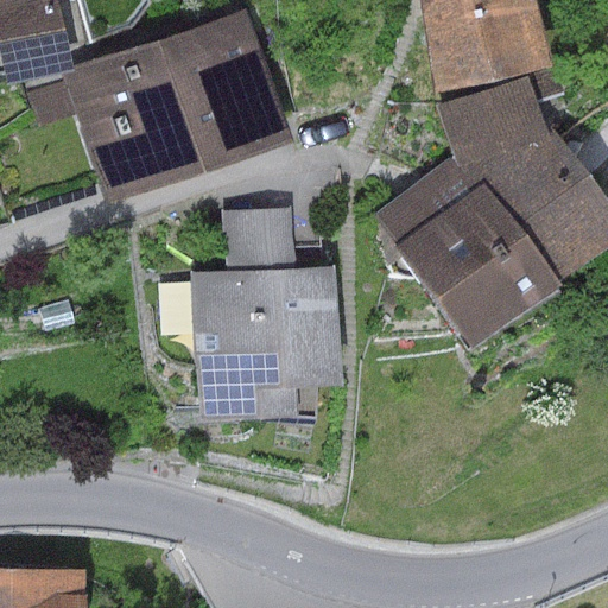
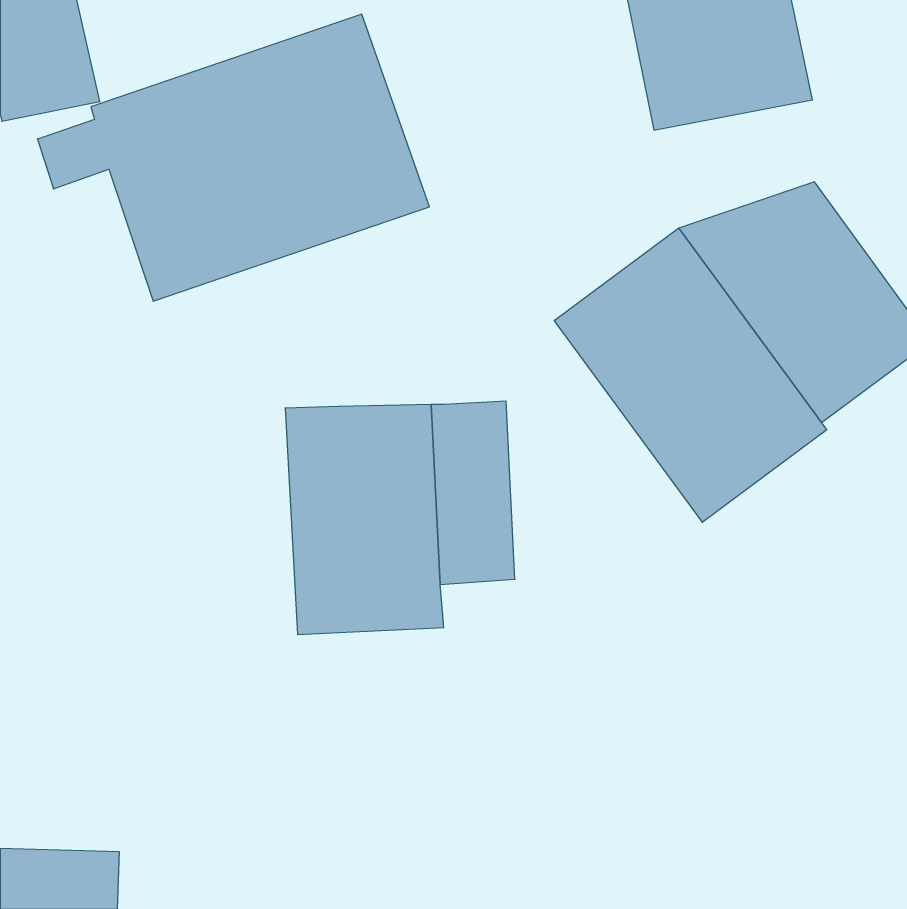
building: [439,75,545,152] -> none
building: [223,207,298,271] -> none

